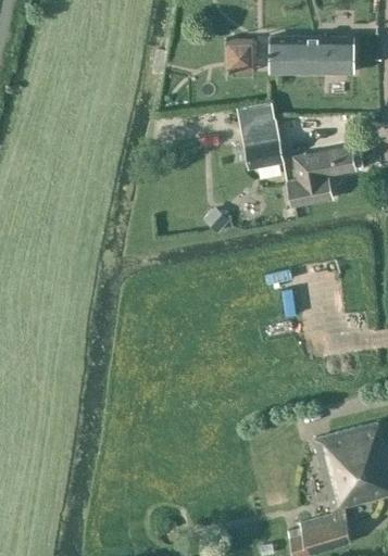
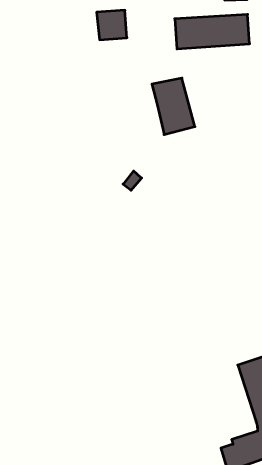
building: [224,41,256,73] -> [97,10,127,40]
building: [286,146,355,208] -> none

